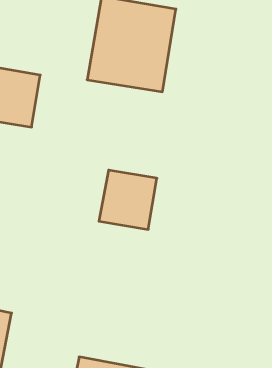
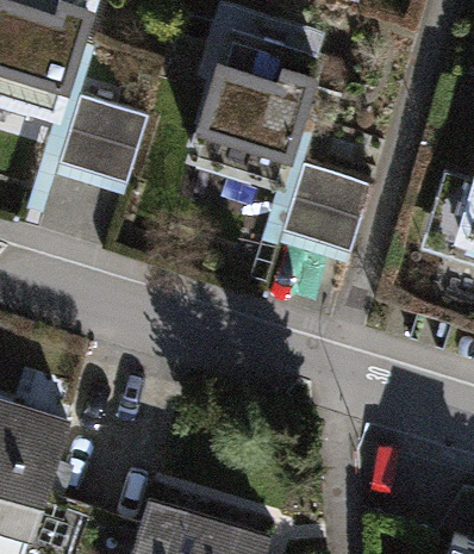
building: [99,170,157,229] -> [286,168,369,253]

